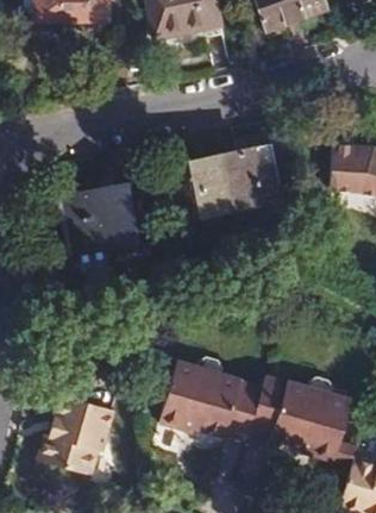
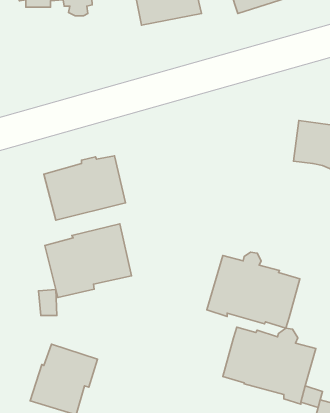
building: [170,143,280,219] -> none
building: none -> [45,224,131,298]
building: [158,357,262,442] -> [207,252,300,328]

